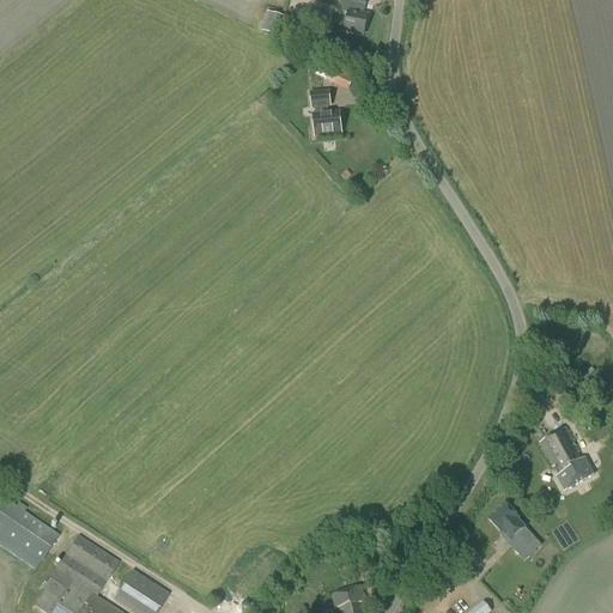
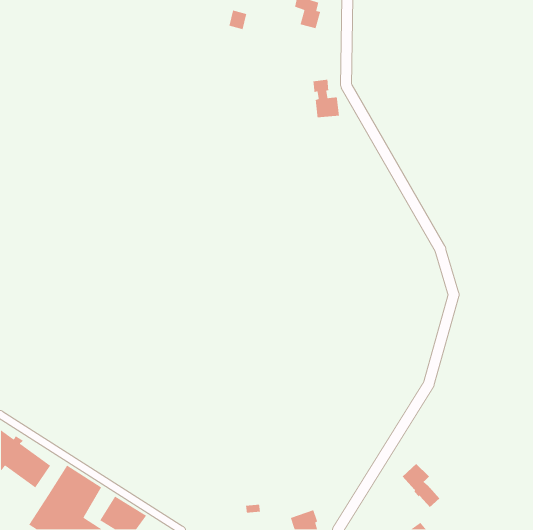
building: [310,90,341,135] -> [313,79,340,118]
building: [540,426,594,490] -> none
building: [487,502,532,553] -> [402,463,440,508]

